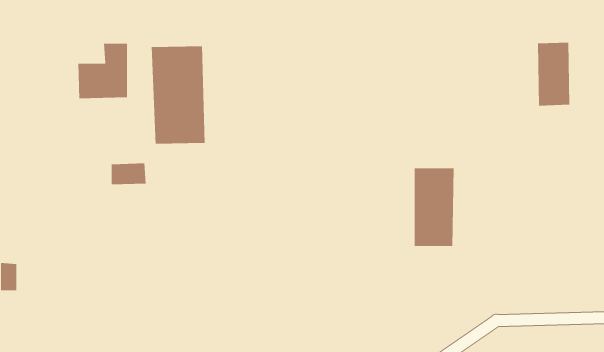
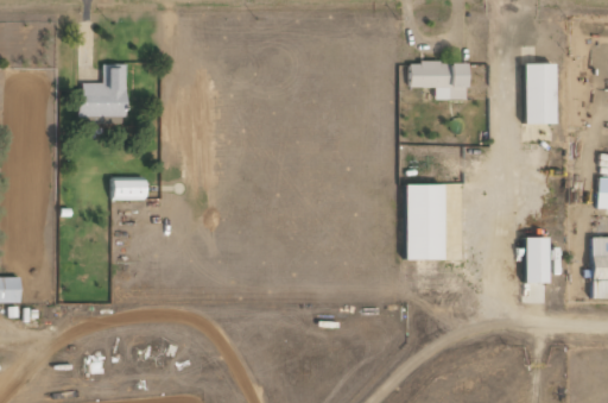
building: none -> [411,62,468,100]
building: [151,45,205,145] -> none
building: none -> [525,238,549,283]

